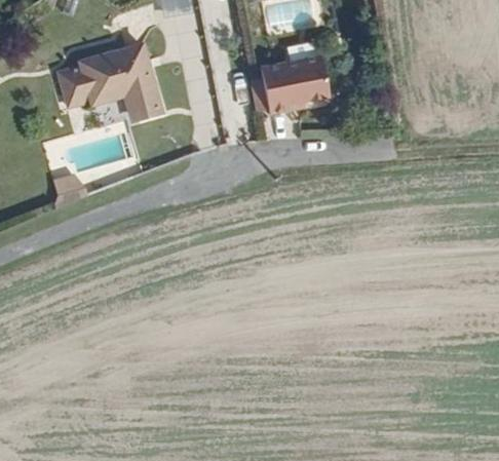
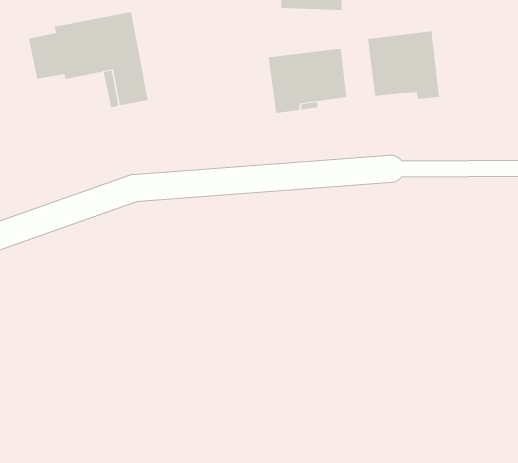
building: none -> [367,31,440,100]

